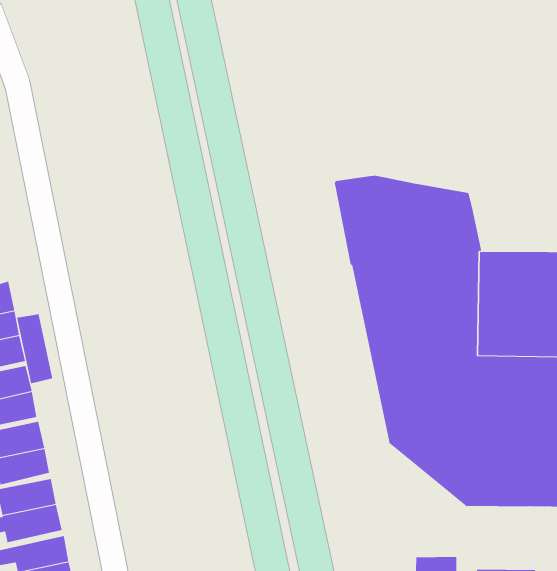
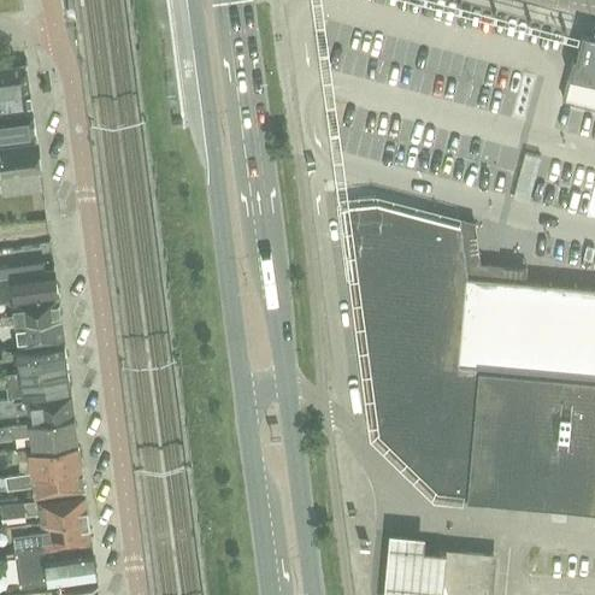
building: [17,314,53,384] -> none

